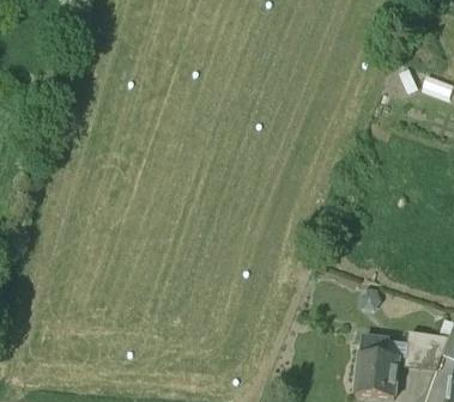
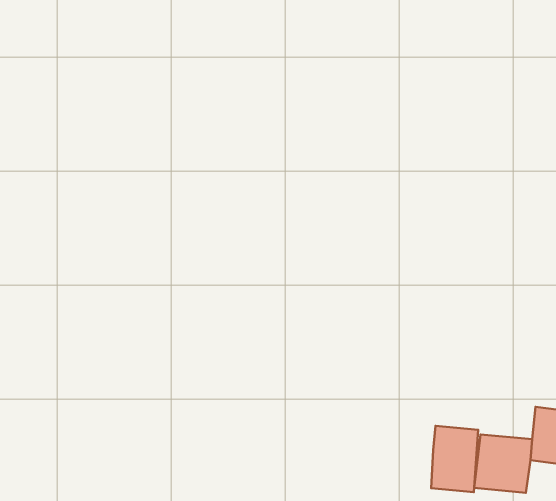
building: none -> [431,426,478,492]

